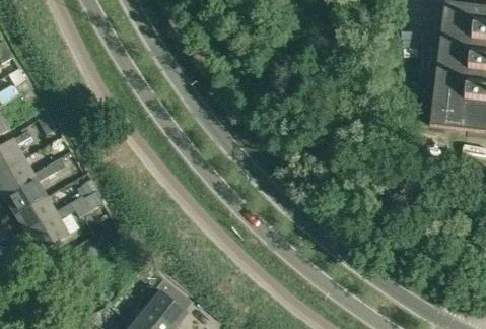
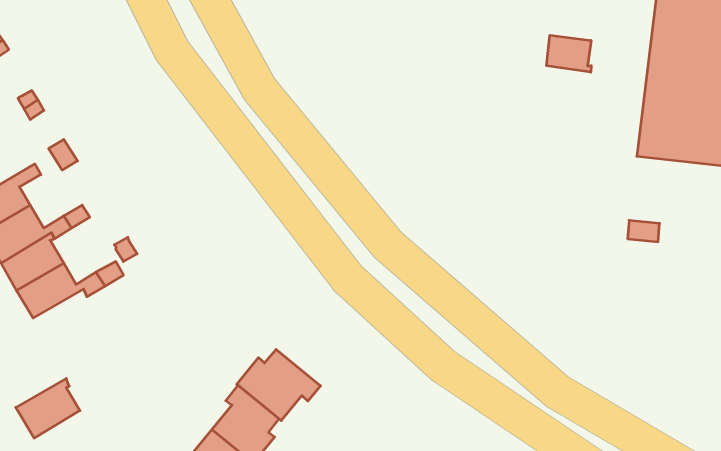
building: none -> [547,35,591,72]
building: [27,213,70,253] -> [16,378,80,438]
building: none -> [237,349,321,421]

